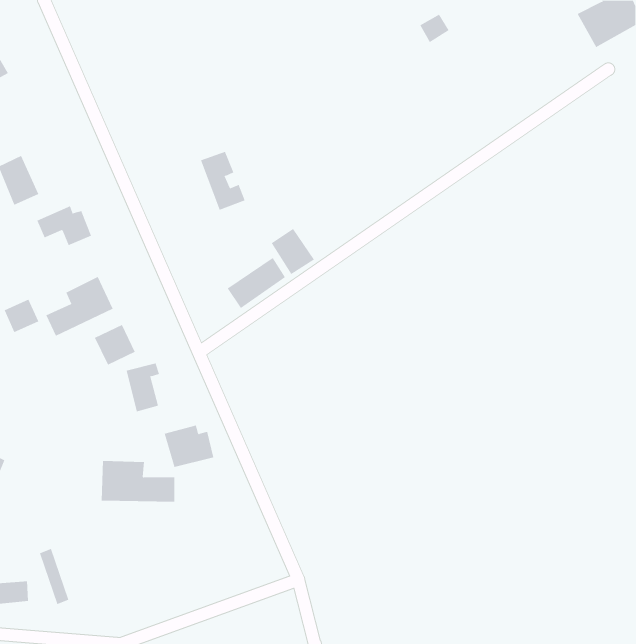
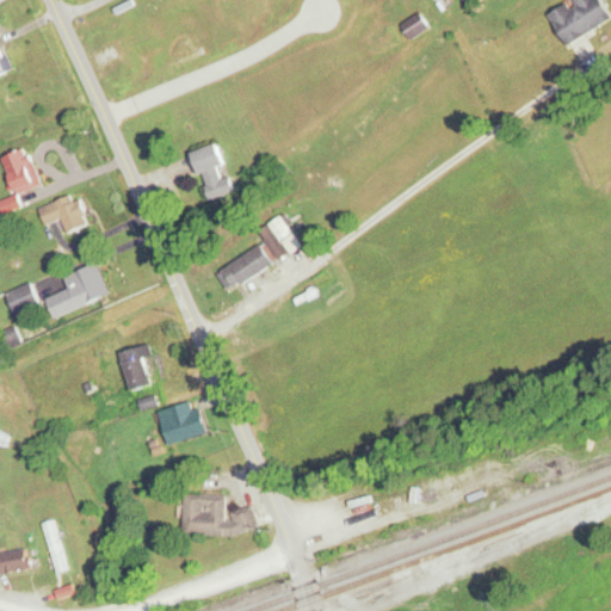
building: [94,324,136,365] -> none
building: [101,461,175,502] -> [183,494,253,533]

